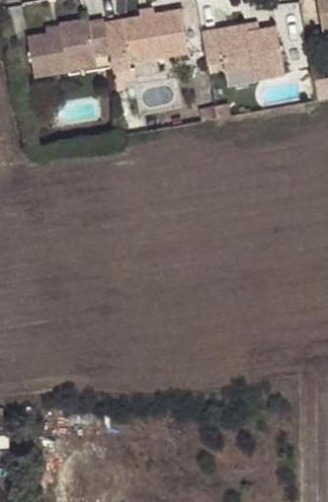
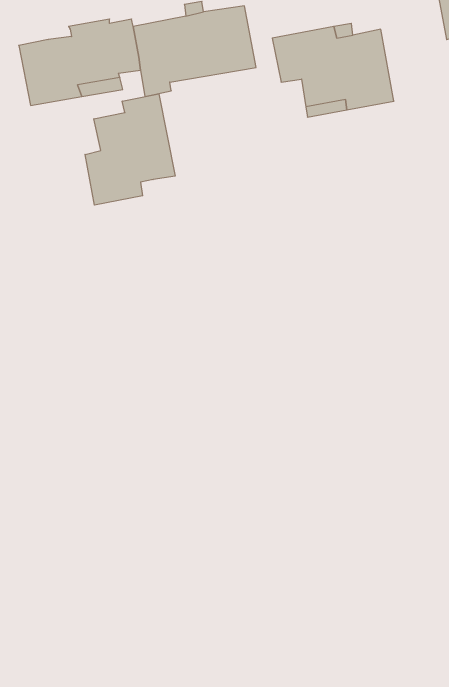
building: none -> [85,94,175,205]

